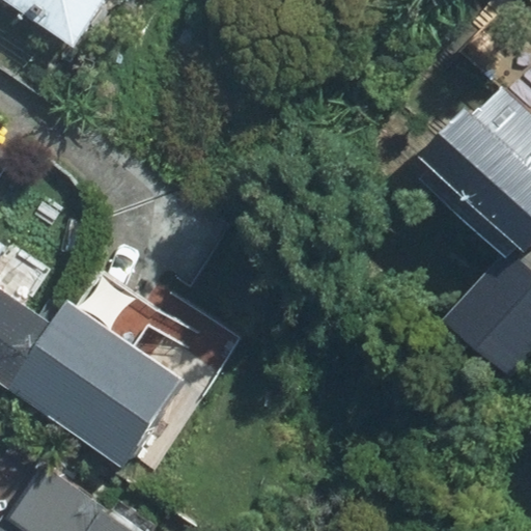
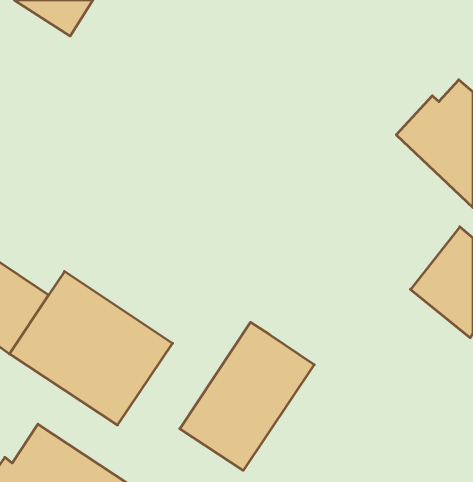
building: none -> [180,322,314,470]

